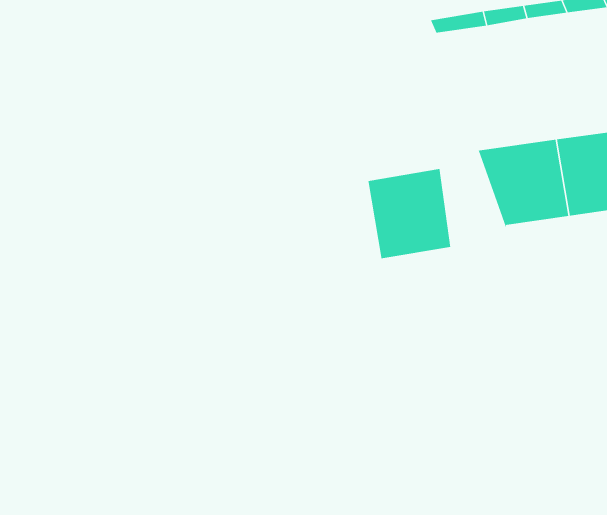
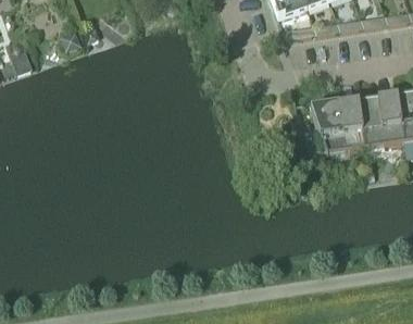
building: [368,168,451,259] -> none

